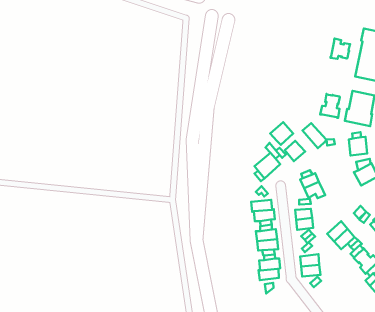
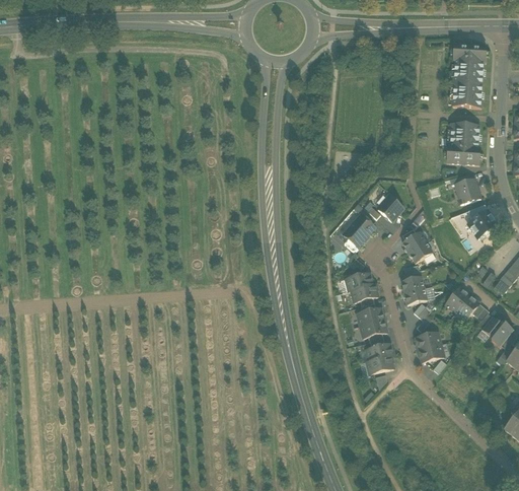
building: [331,39,350,59] -> none
building: [320,94,340,118] -> none
building: [270,122,293,145] -> none
building: [303,123,327,148] -> none

